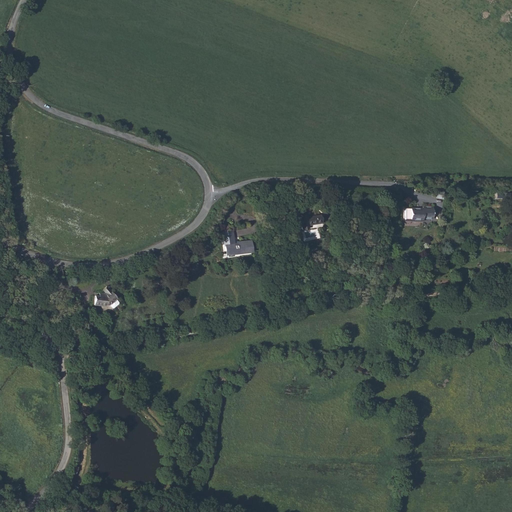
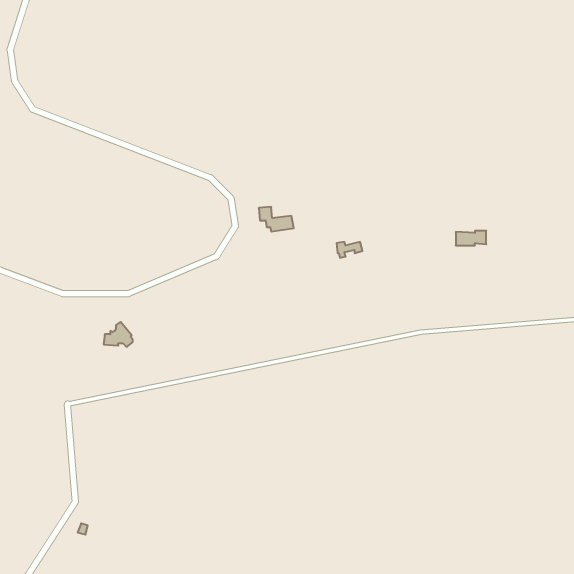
building: [224,234,255,256] -> [259,207,294,232]

